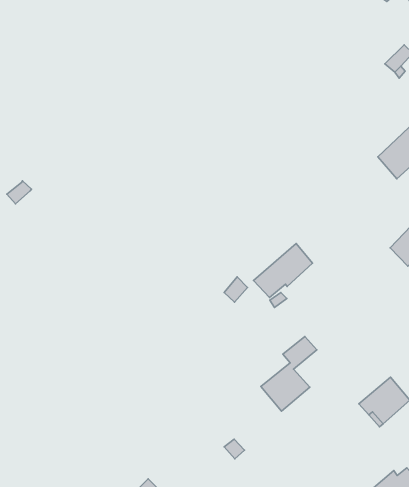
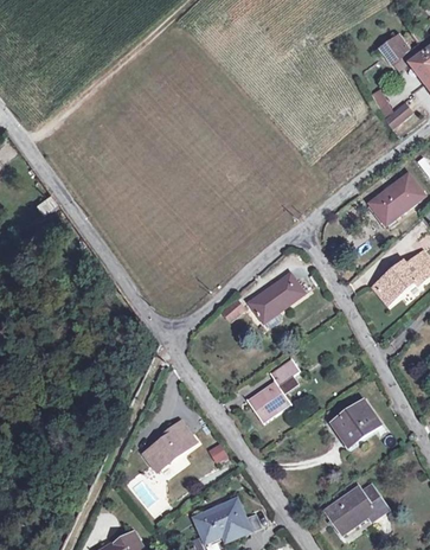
building: none -> [146,423,192,469]

